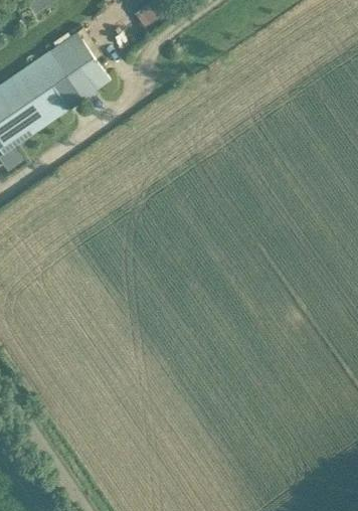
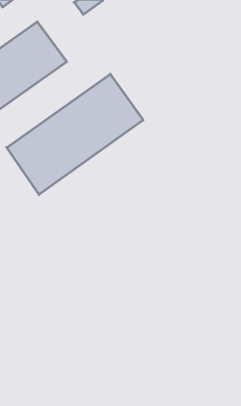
building: none -> [7,74,143,195]

